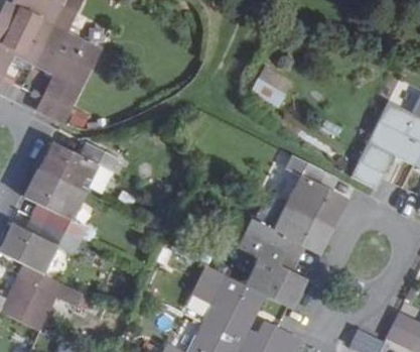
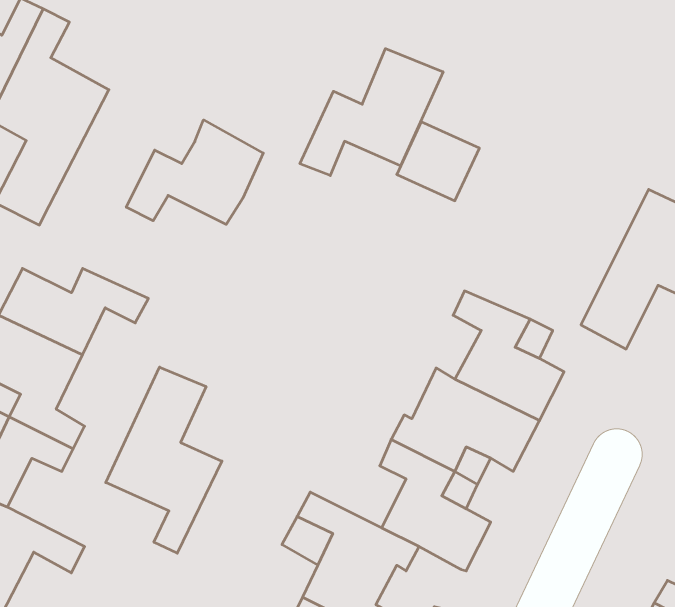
building: none -> [300,49,443,176]
building: none -> [126,120,263,224]
building: none -> [106,367,222,553]

